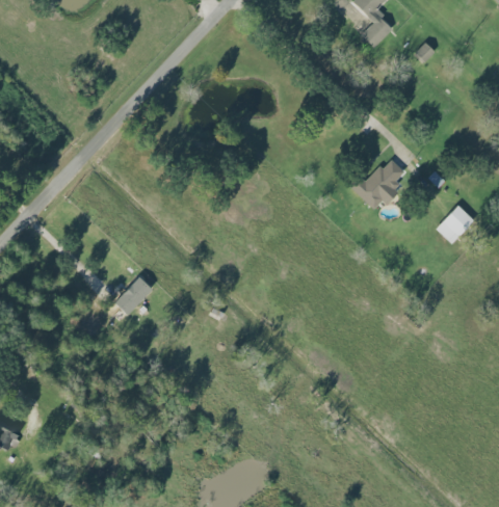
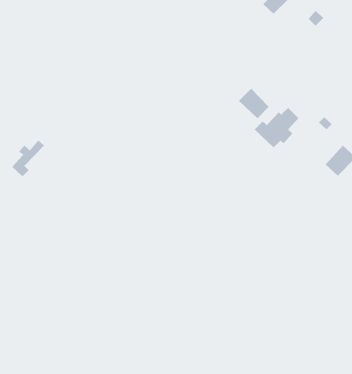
building: none -> [238,88,270,119]
building: [107,275,148,321] -> [11,139,45,177]

